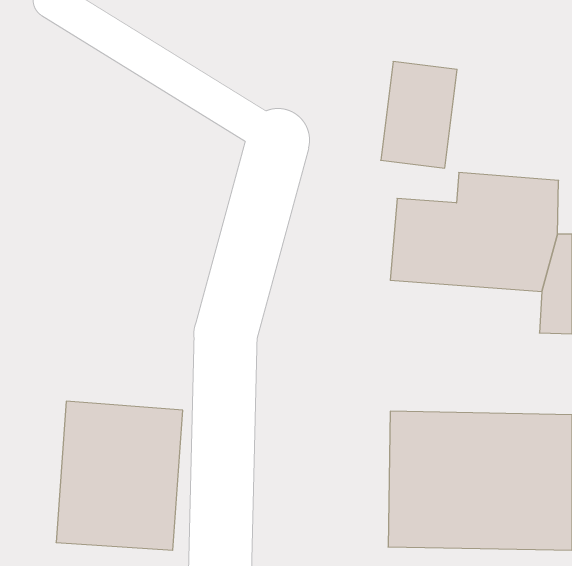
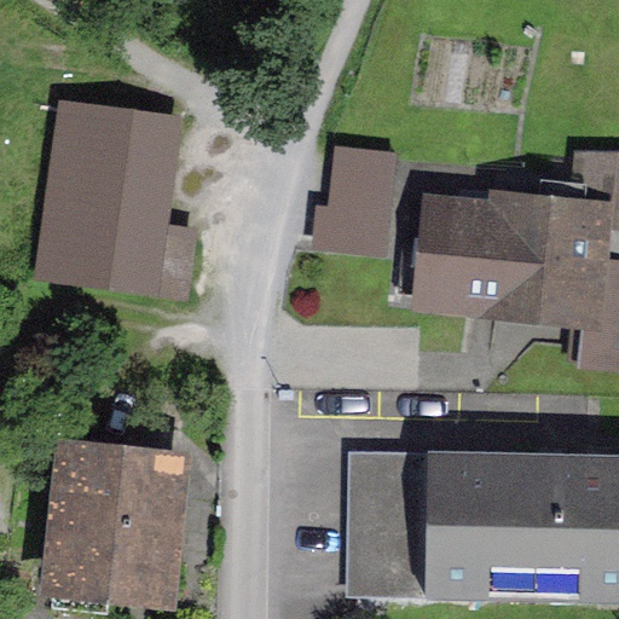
building: [381,62,457,168] -> [319,143,401,258]
building: none -> [33,102,183,297]
building: none -> [341,450,421,597]

